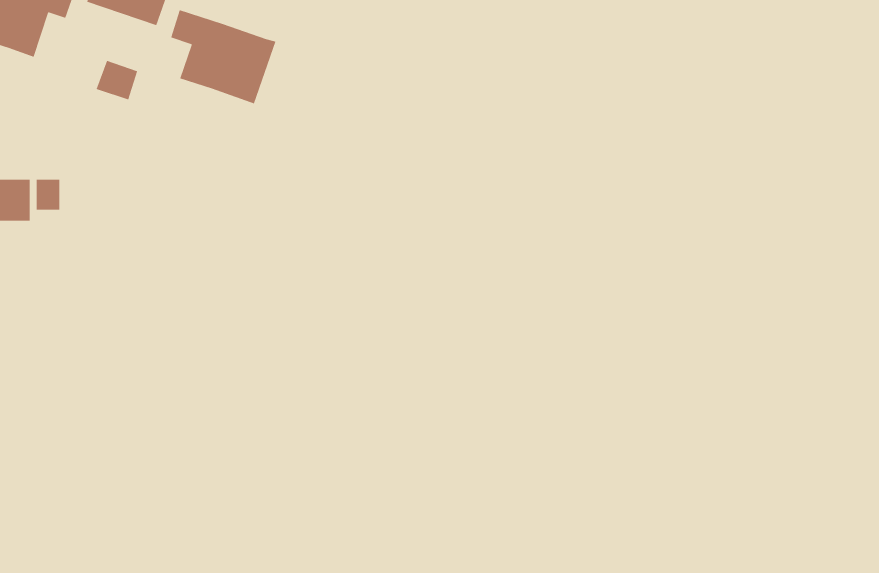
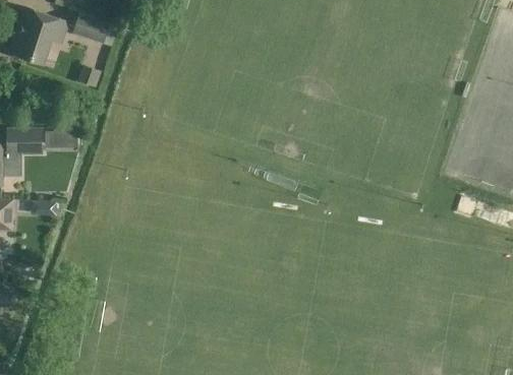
building: [170,9,276,105] -> none

